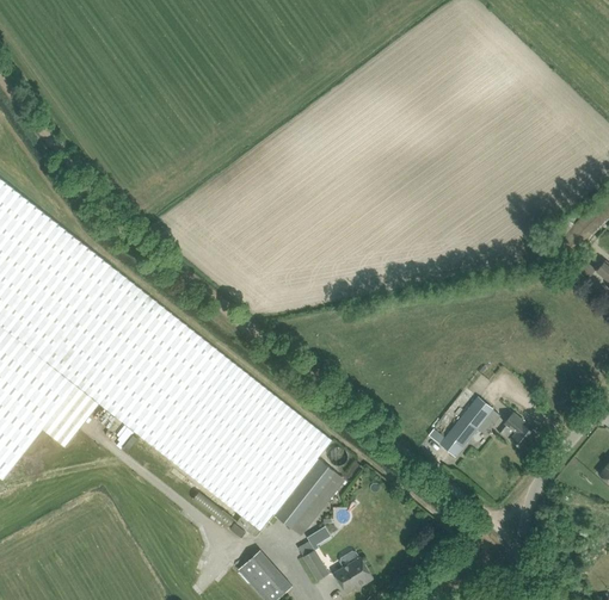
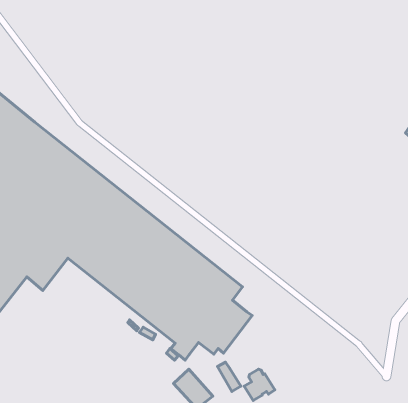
building: [429,396,492,454] -> none
building: [499,415,535,449] -> none

